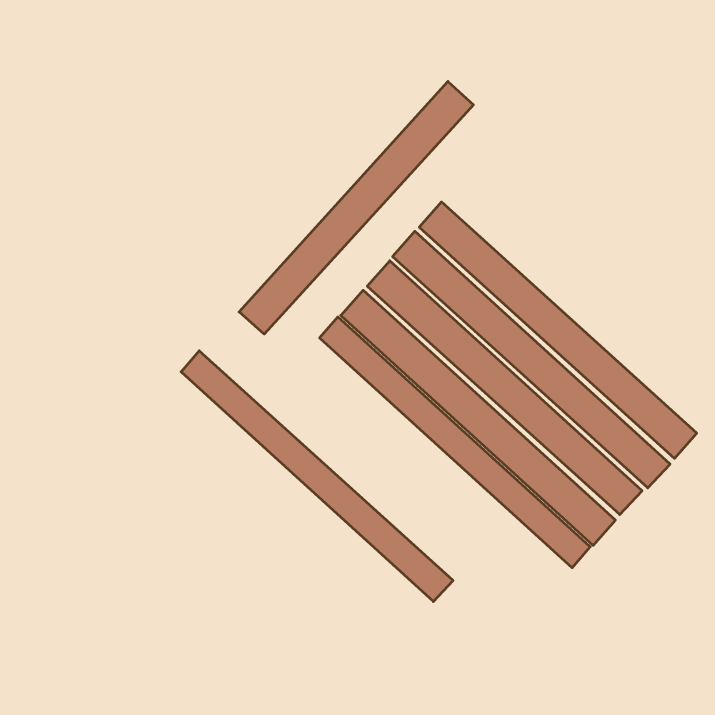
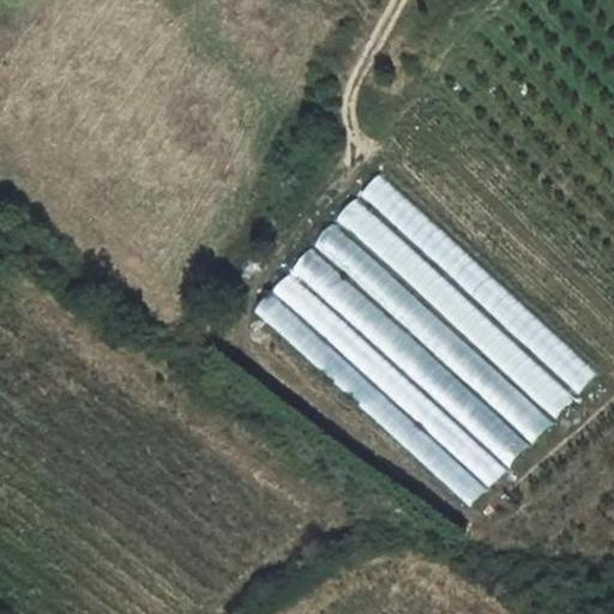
building: [239,81,473,334] -> none
building: [181,351,453,602] -> [253,293,486,507]

